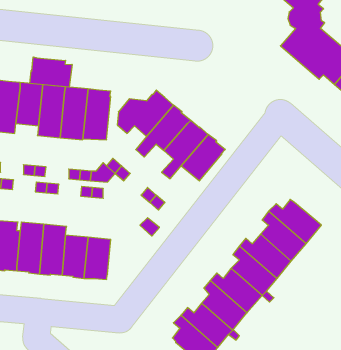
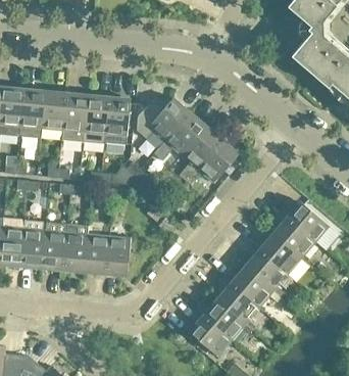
building: [30,57,72,87] -> none

